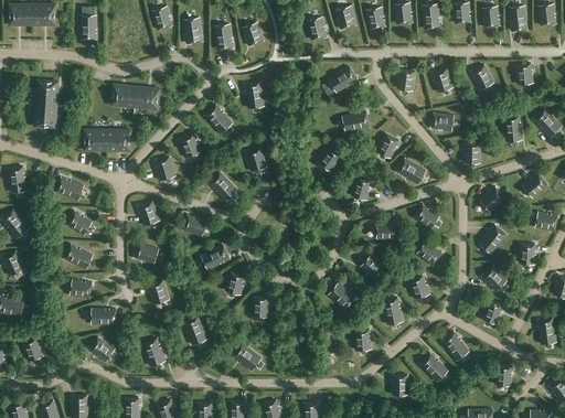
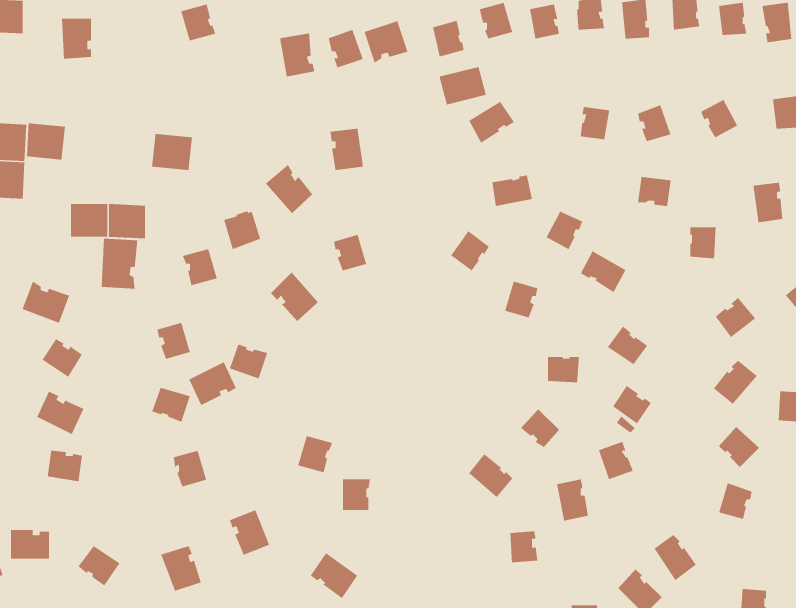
building: none -> [363,20,408,64]
building: [183,17,204,43] -> none
building: none -> [438,66,487,106]
building: [113,83,137,106] -> [26,123,66,160]
building: none -> [101,238,138,289]
building: [200,243,230,270] -> [188,361,237,406]
building: [92,308,116,326] -> [10,529,50,560]

